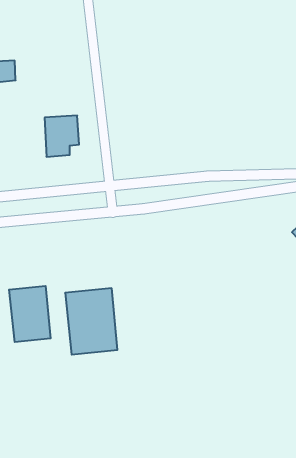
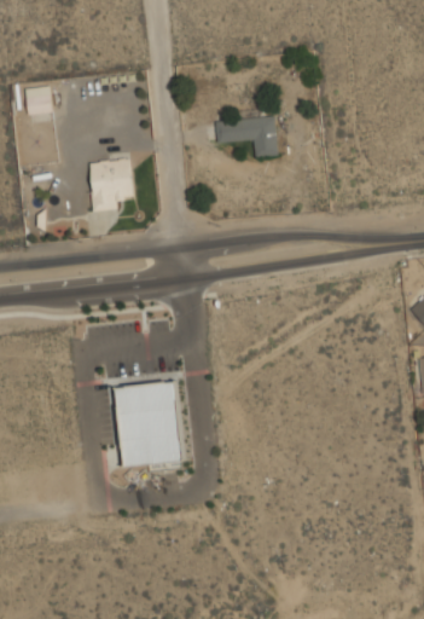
building: none -> [215,116,277,156]
building: [9,286,51,342] -> none

